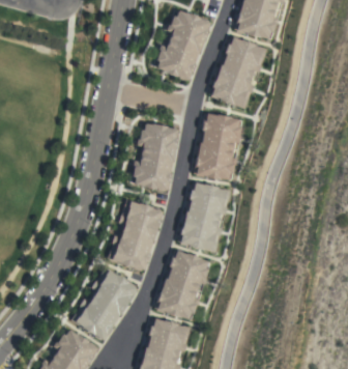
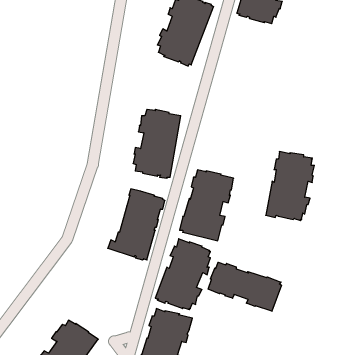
building: [209,35,267,109] -> none
building: [194,113,241,180] -> [266,152,314,221]
building: [71,269,139,341] -> none
building: none -> [208,262,281,311]

